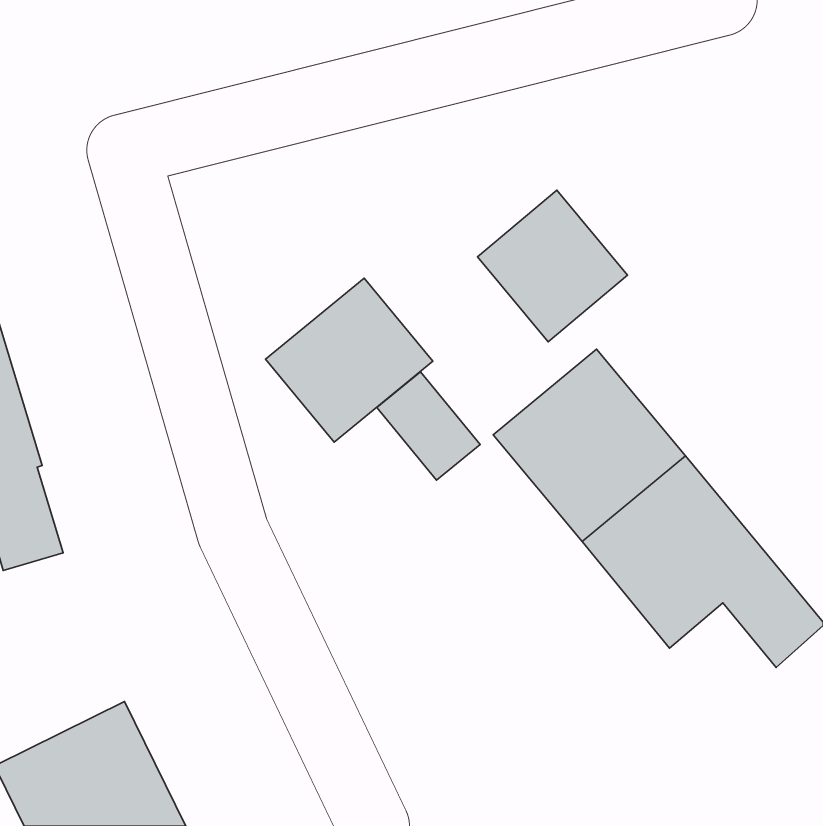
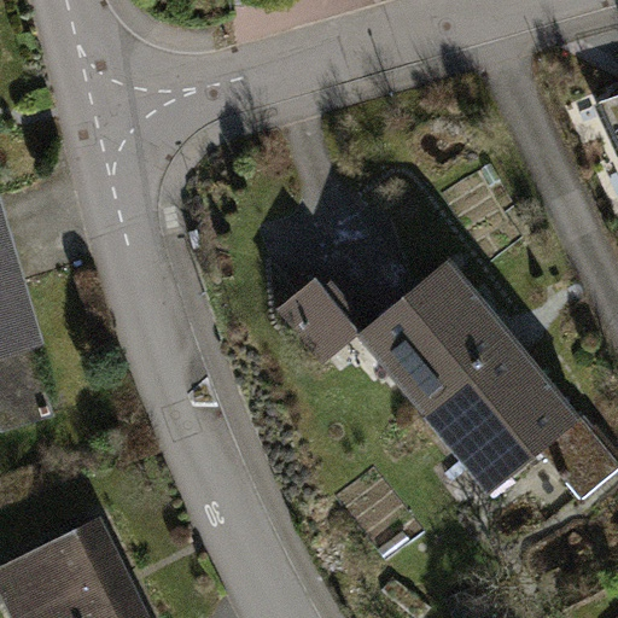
building: [477,190,628,342] -> none
building: [265,278,433,442] -> none

